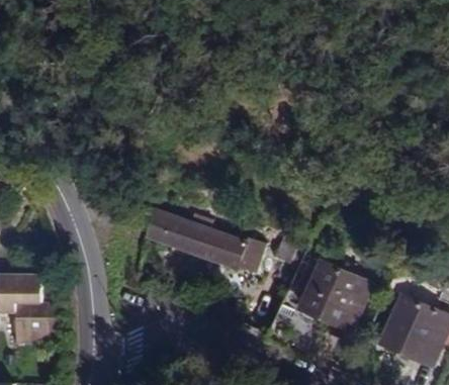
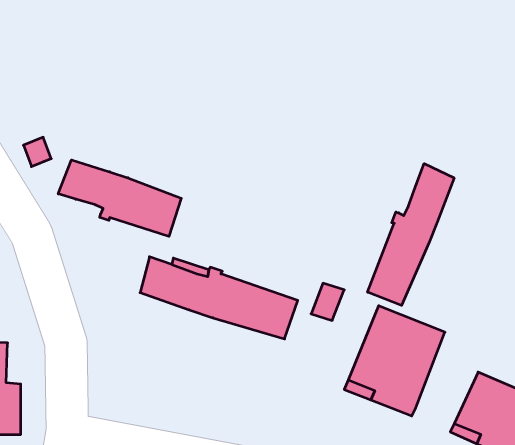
building: none -> [58,160,181,236]
building: none -> [368,164,454,305]

